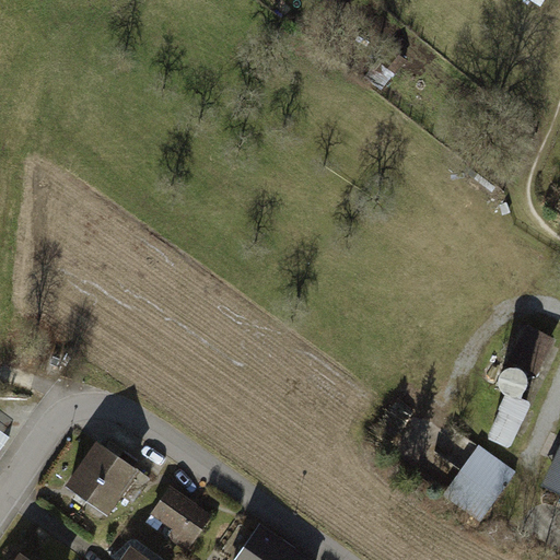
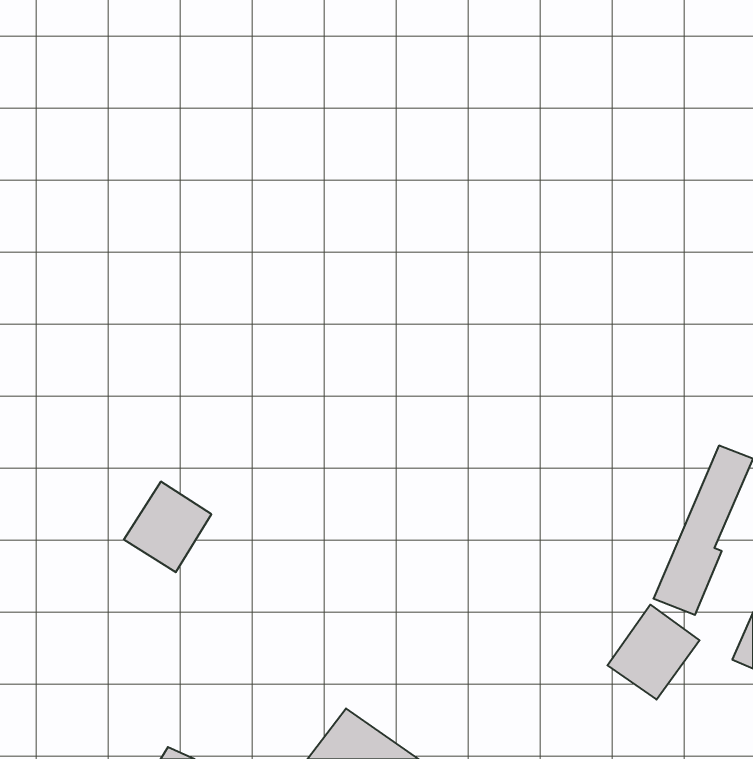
building: [72,448,137,515] -> [124,482,211,572]
building: [153,490,209,541] -> none

